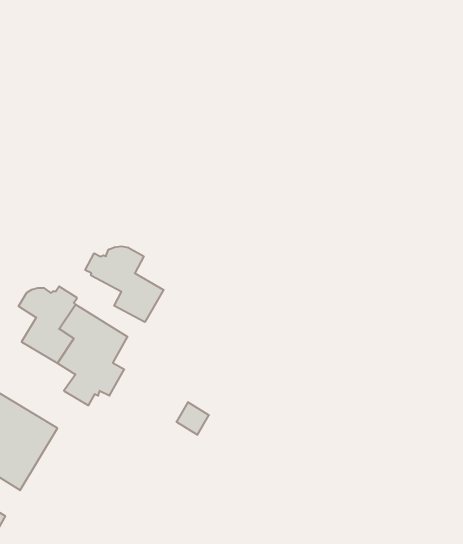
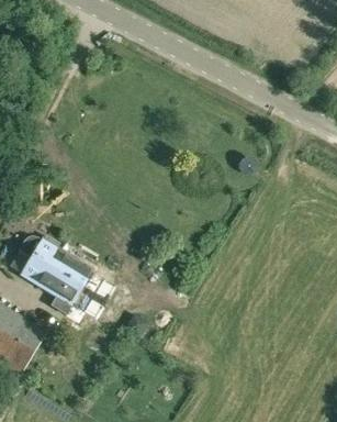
building: [85,246,164,322] -> none

